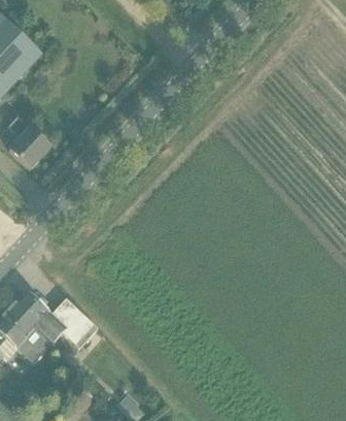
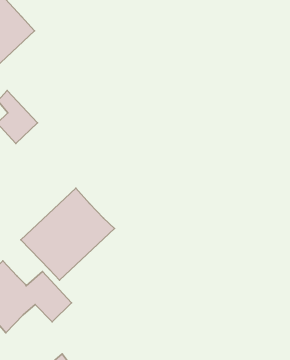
building: none -> [21,188,114,280]

